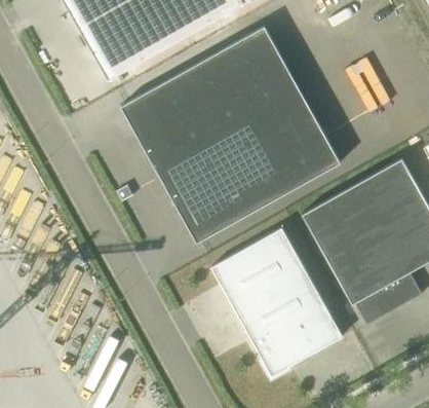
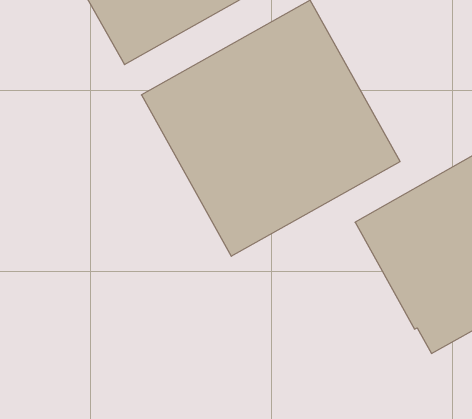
building: [210,227,343,375] -> none

